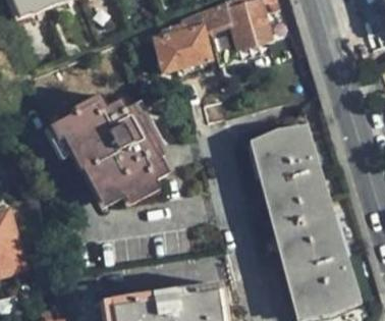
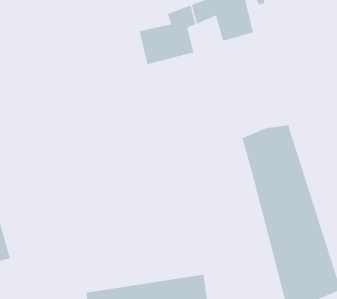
building: [52,95,165,205] -> none

